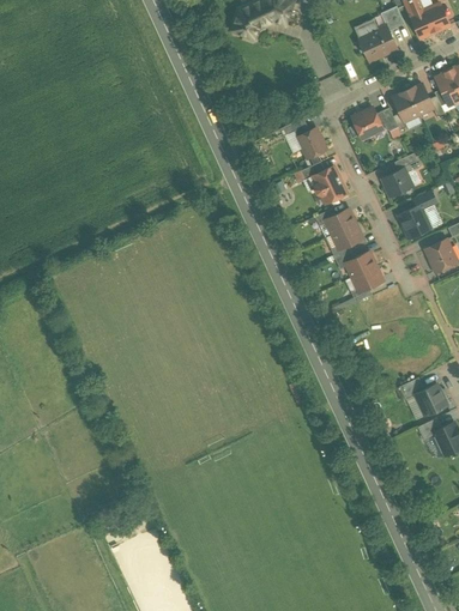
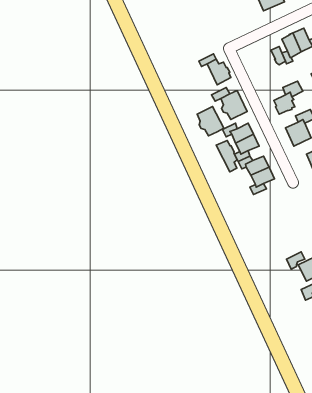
building: [352,108,385,139] -> none
building: none -> [197,106,224,136]
building: none -> [216,140,237,172]

